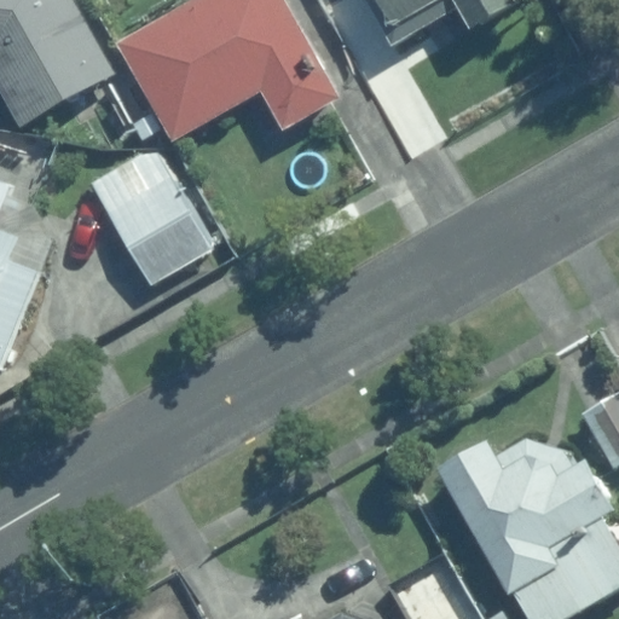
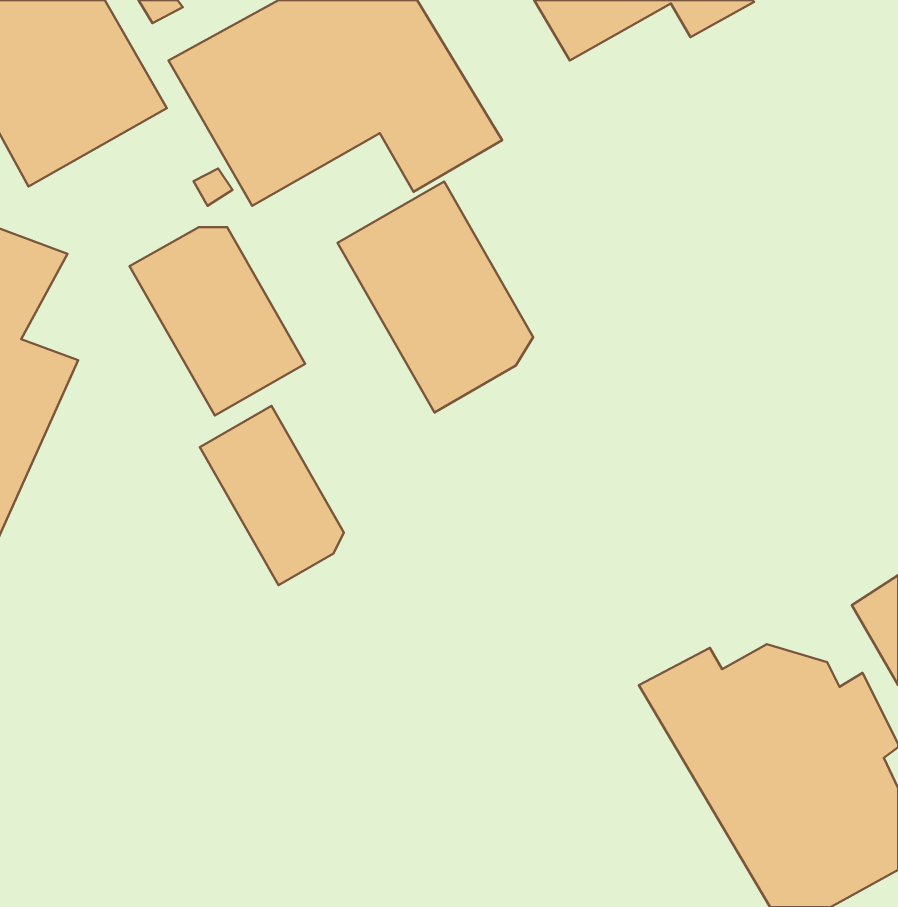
building: none -> [338,181,533,412]
building: none -> [200,406,344,585]

